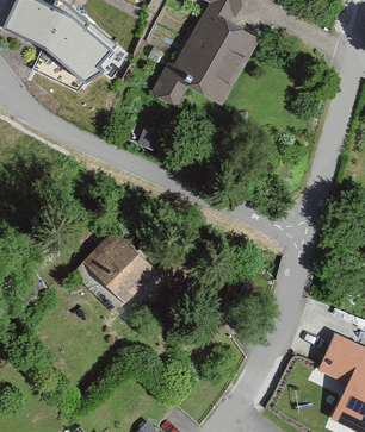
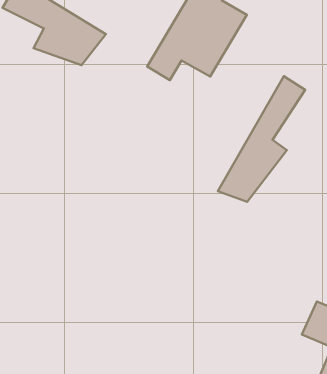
building: none -> [218,76,305,202]
building: [83,230,156,301] -> none

